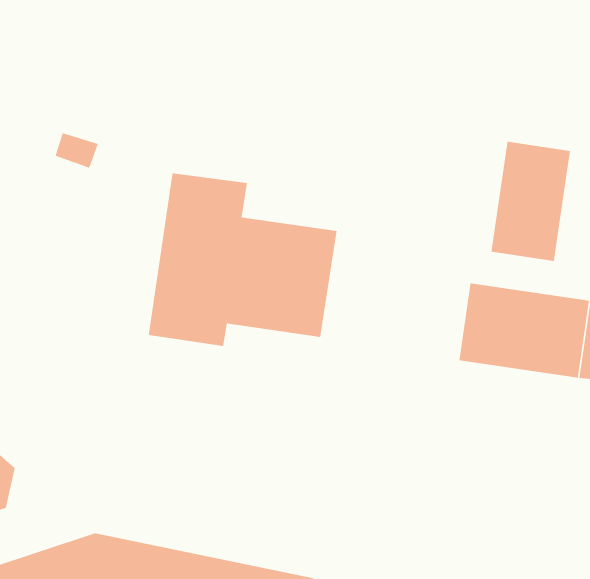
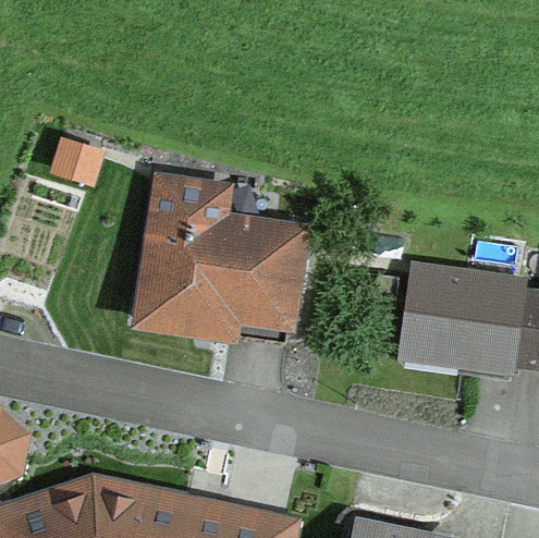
building: [491,141,571,262] -> none

